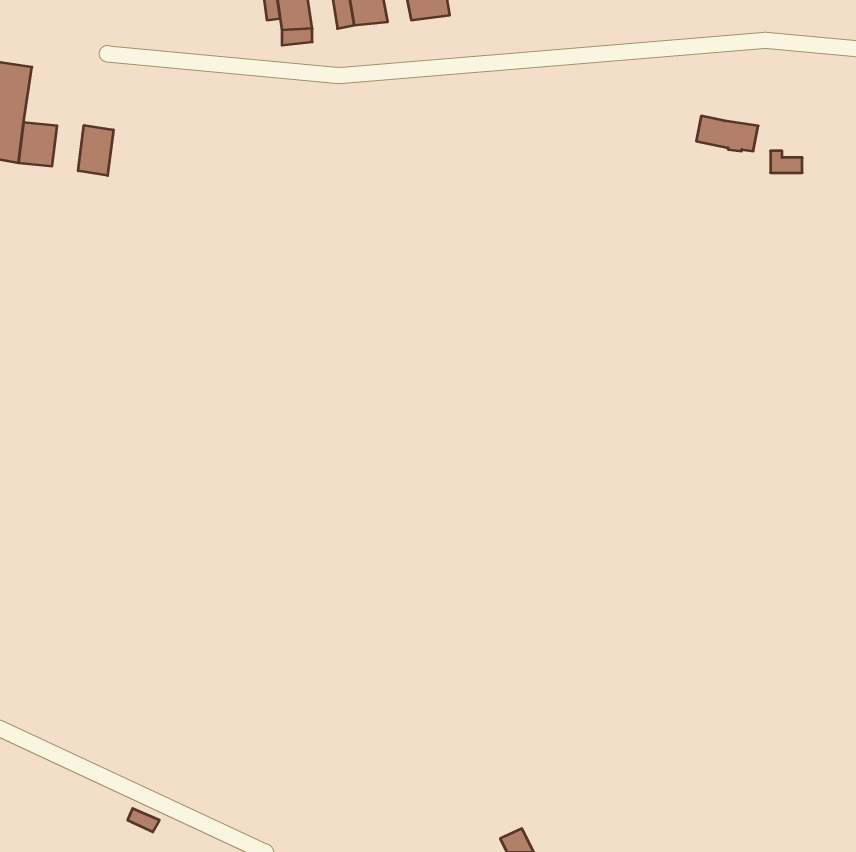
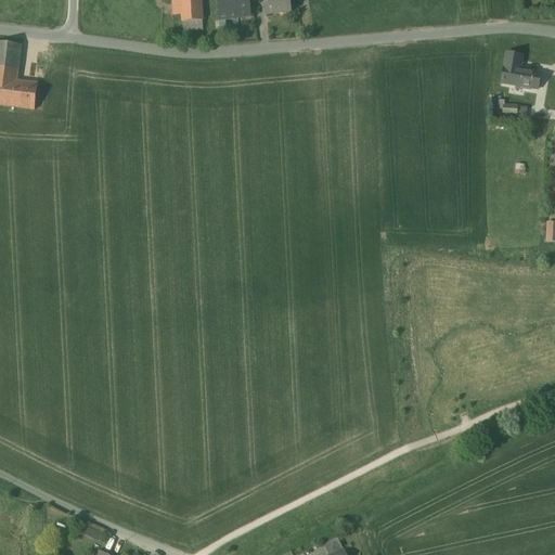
building: [696,116,758,151] -> [500,64,540,87]
building: [78,125,113,176] -> none

